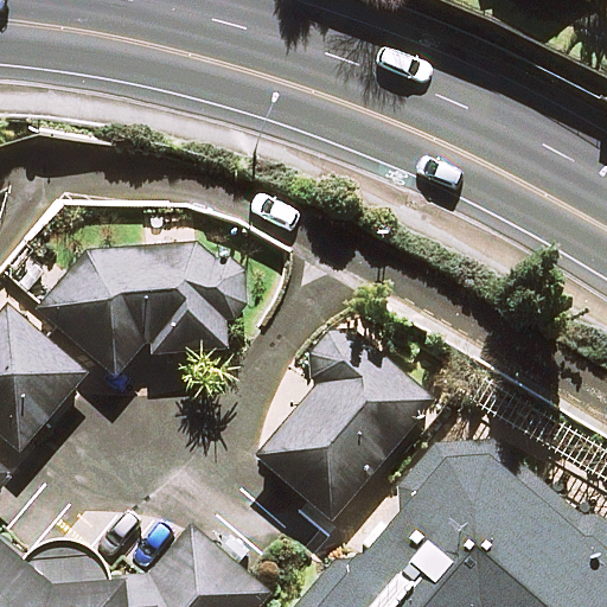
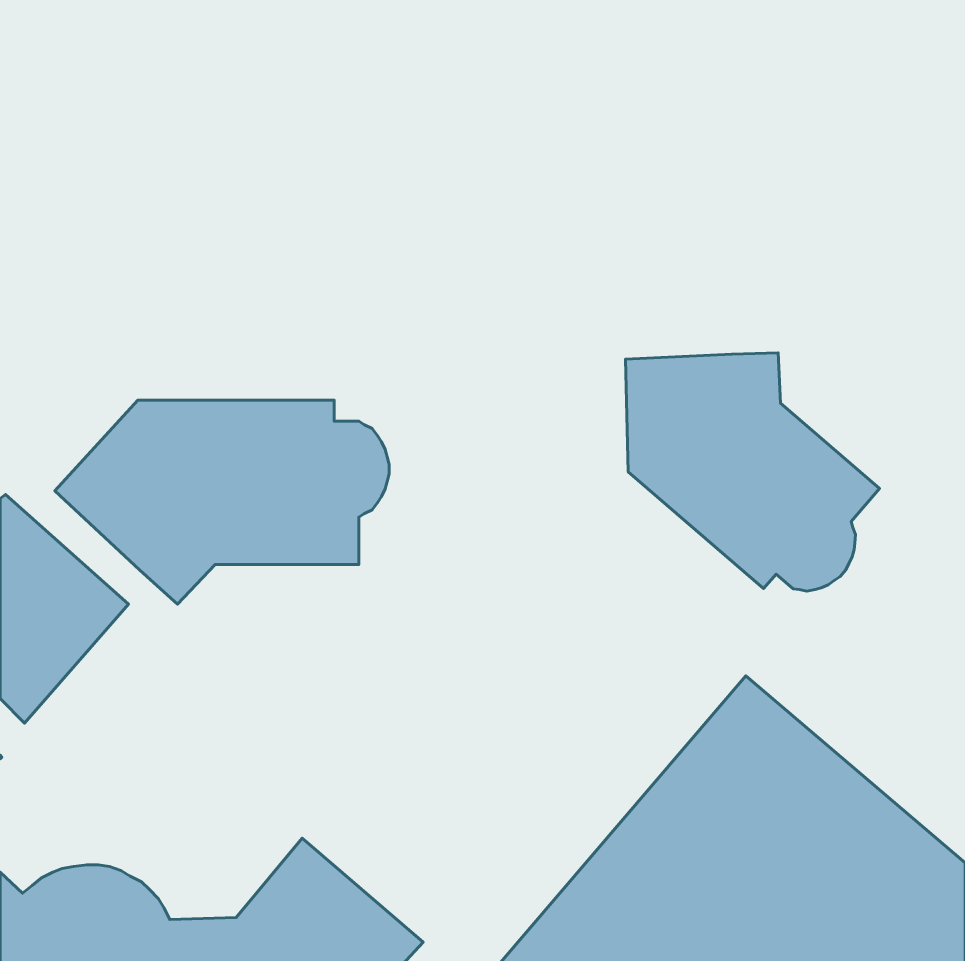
building: none -> [625,353,879,591]
building: [251,327,430,526] -> none

